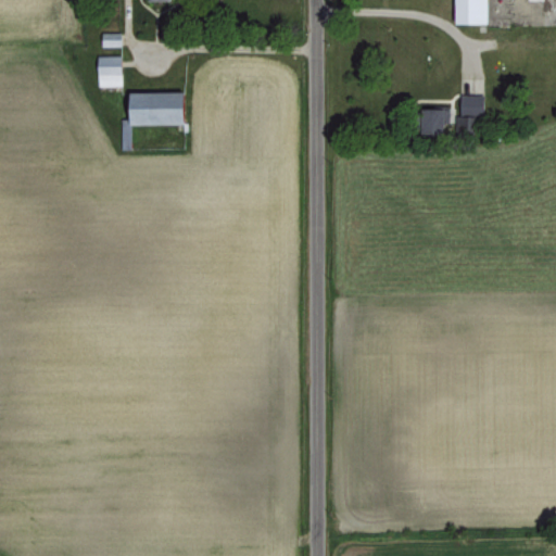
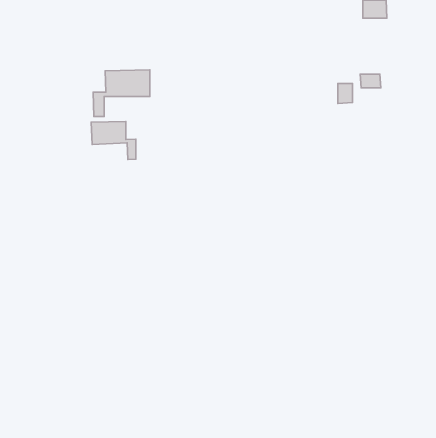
building: [96,56,121,87] -> none
building: none -> [91,122,136,159]

